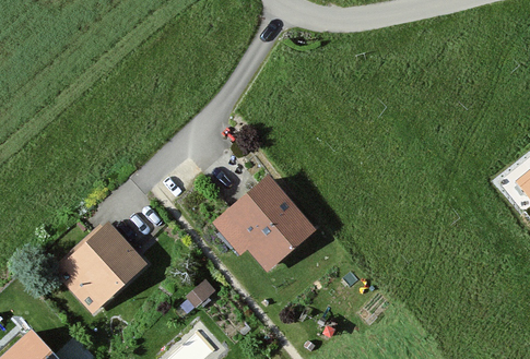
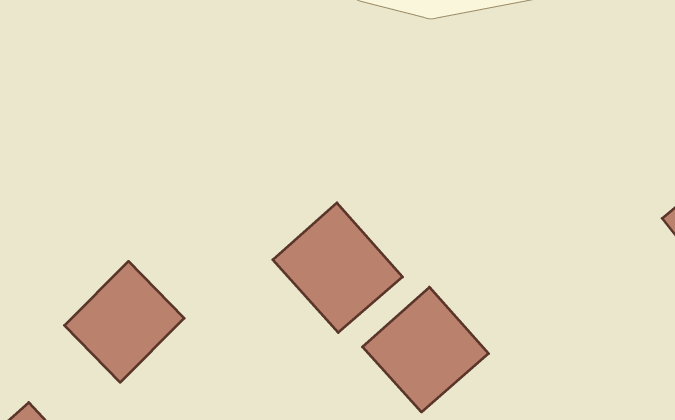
building: none -> [362,287,489,412]

